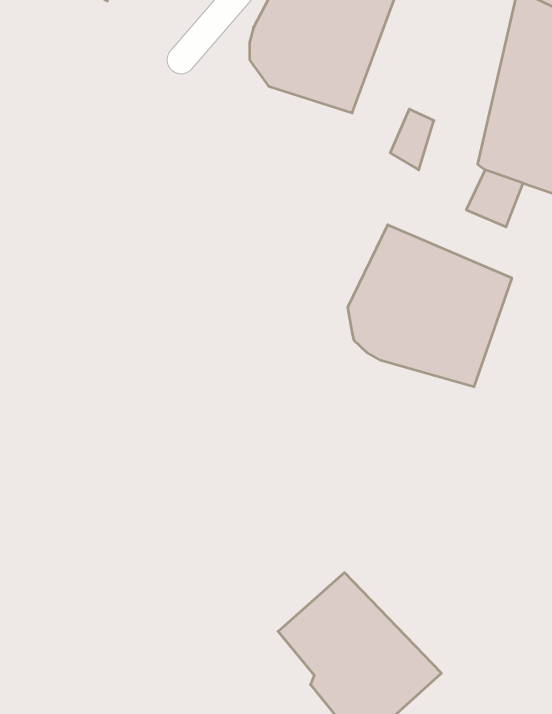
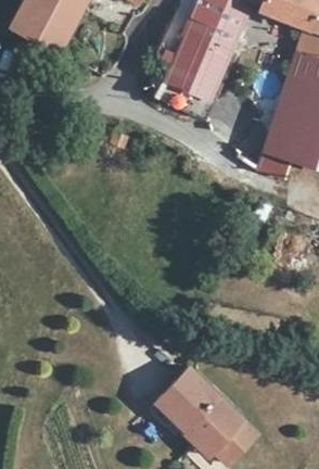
building: [348,225,512,387] -> none

